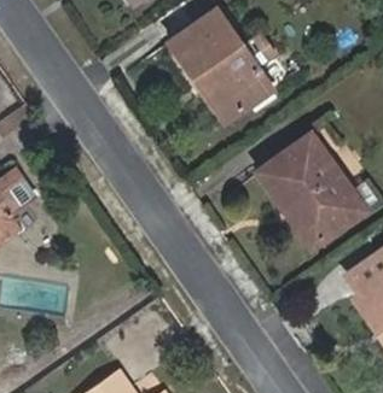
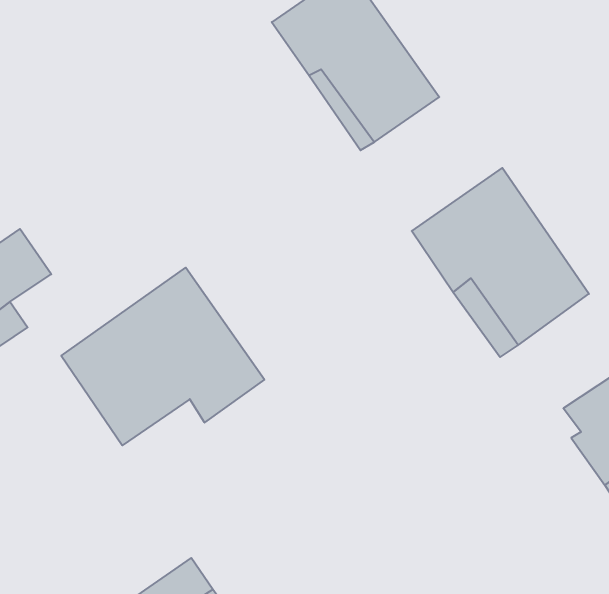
building: none -> [61,268,264,445]

